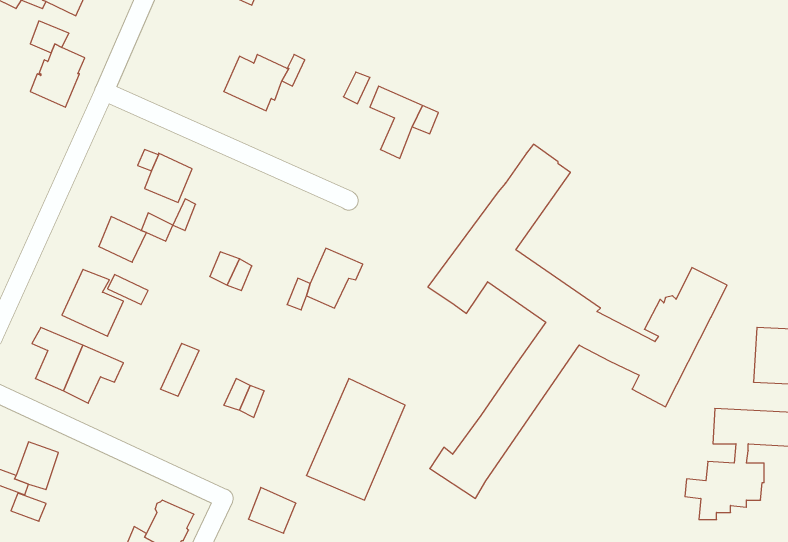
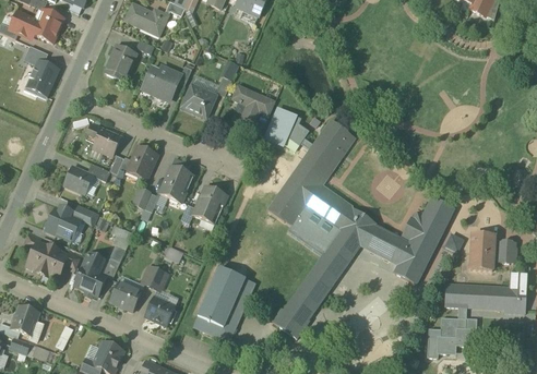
building: none -> [105,43,136,80]
building: none -> [182,83,216,117]
building: none -> [265,105,317,149]
building: none -> [127,144,158,179]
building: none -> [159,164,190,202]
building: none -> [287,205,342,256]
building: none -> [68,246,103,293]
building: none -> [110,280,142,310]
building: [248,487,296,533] -> [146,295,176,324]

